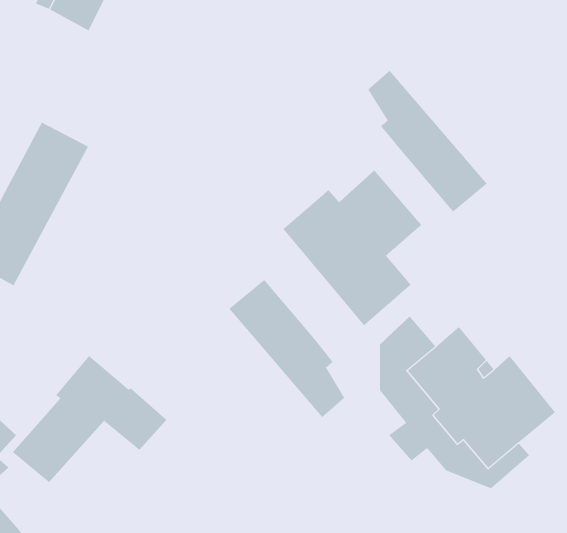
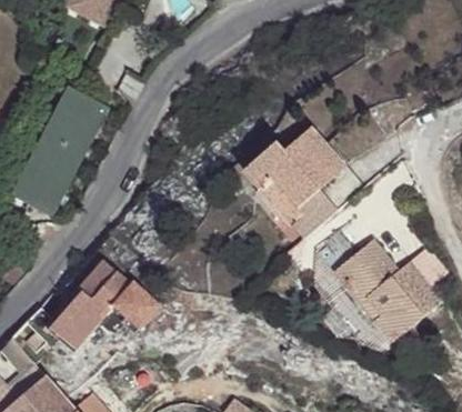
building: [367,70,488,212] -> none
building: [229,279,345,418] -> none

